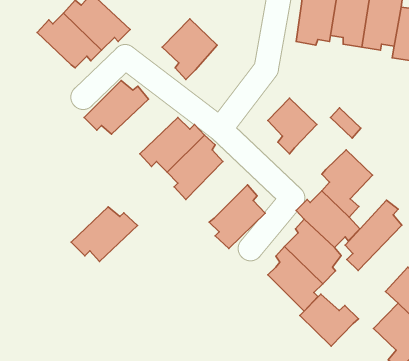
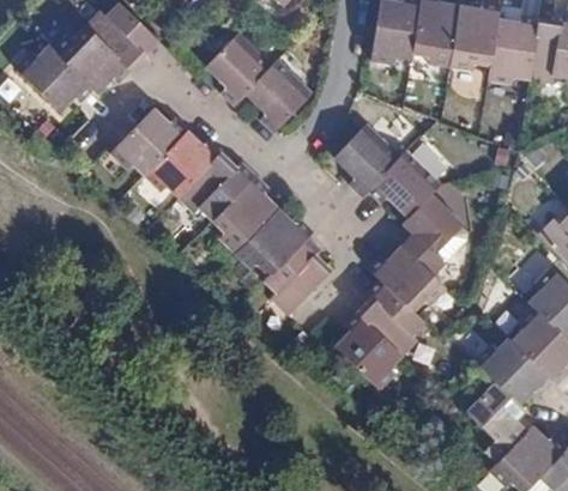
building: none -> [16,44,95,111]
building: none -> [247,59,314,133]
building: none -> [368,156,435,217]
building: none -> [235,207,315,277]
building: [345,200,402,270] -> none
building: [71,207,138,262] -> [144,131,225,198]
building: [300,294,359,346] -> none

